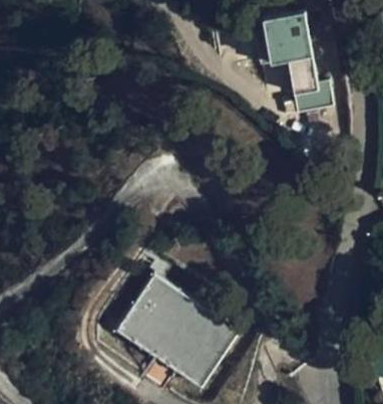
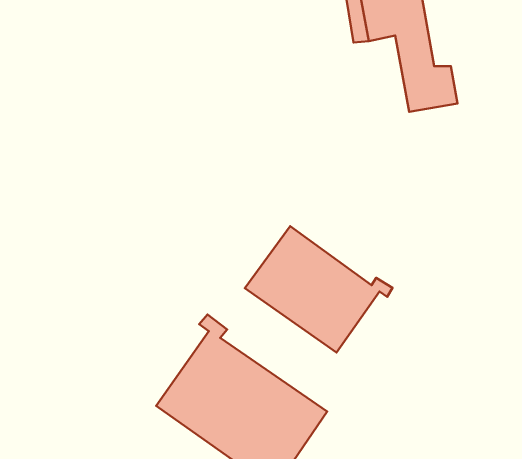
building: none -> [245,226,392,353]

